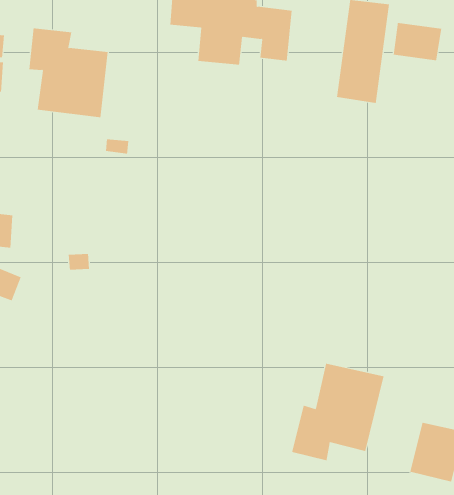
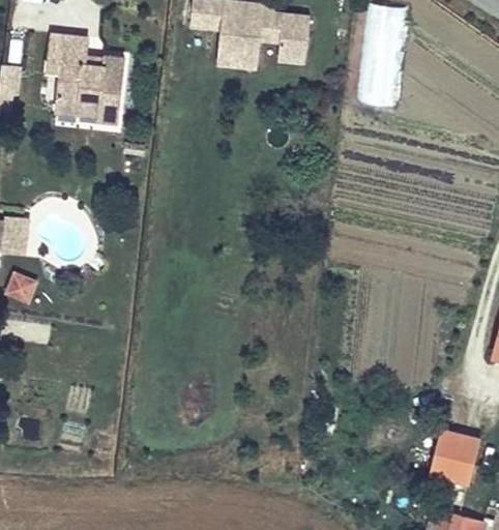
building: [393,22,442,61] -> none
building: [292,363,384,461] -> none

